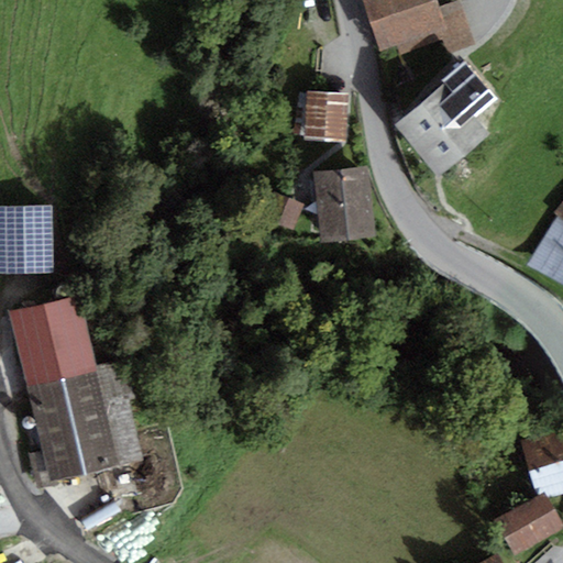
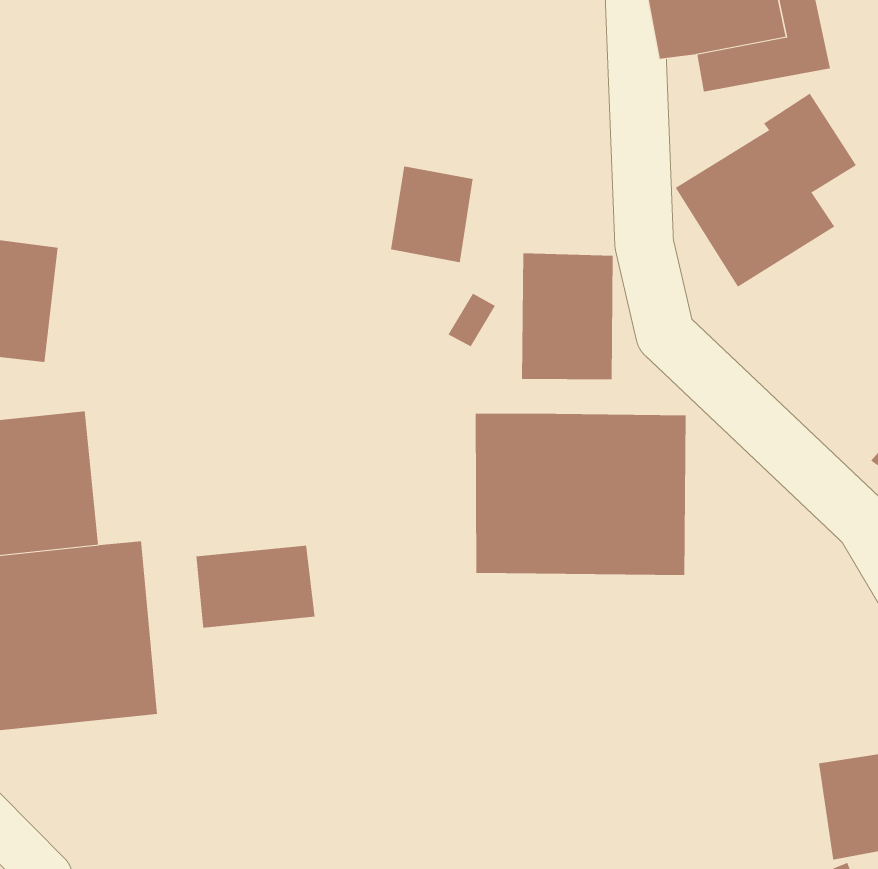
building: [306,90,347,141] -> [390,166,474,263]
building: none -> [475,413,686,576]
building: none -> [196,545,315,629]

